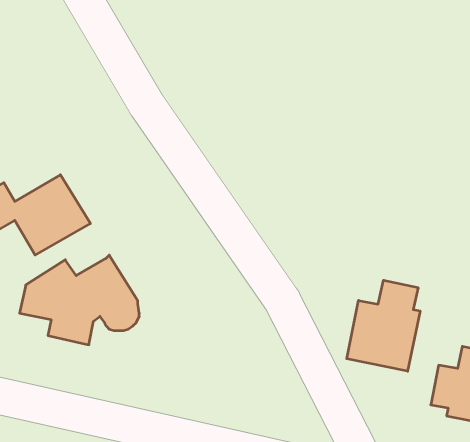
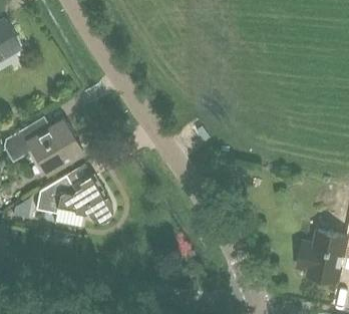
building: [347,280,420,371] -> none

